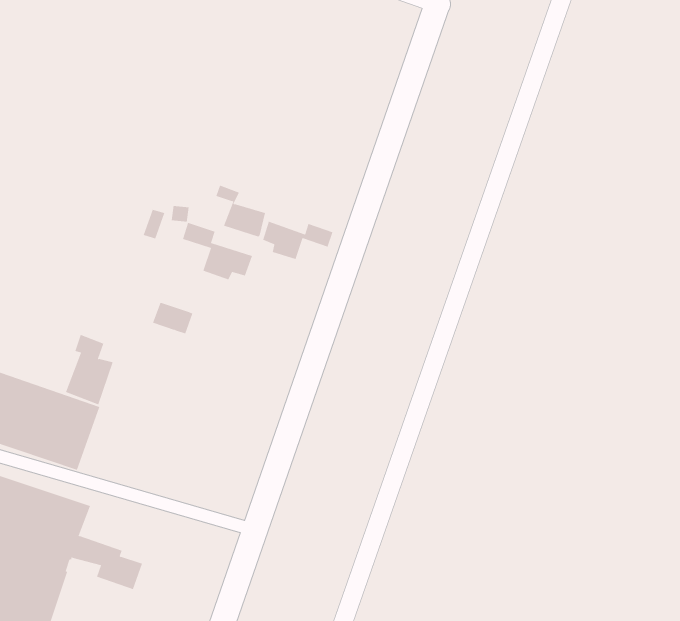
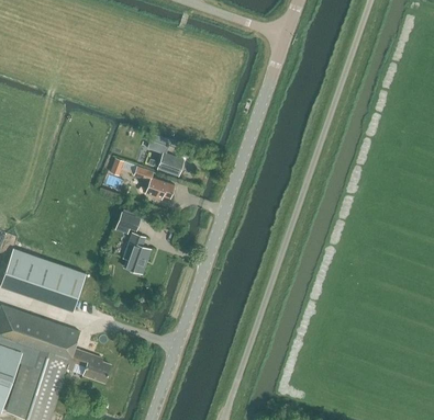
building: [262,221,333,260] -> none
building: [65,334,114,405] -> [122,231,151,273]

